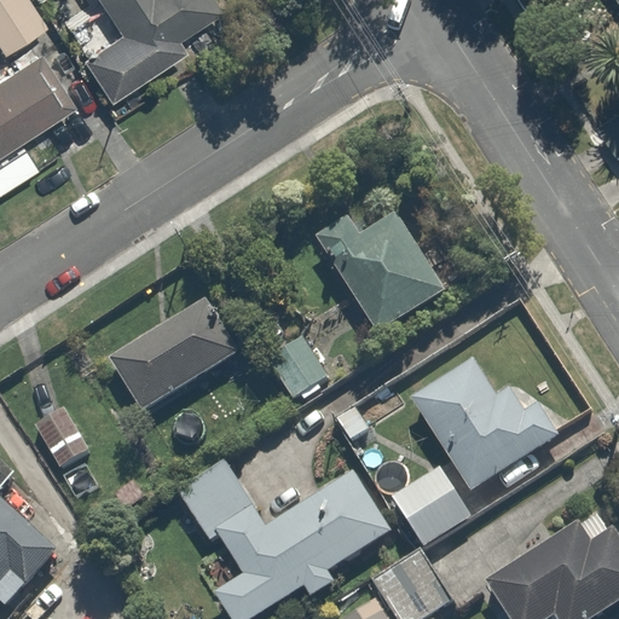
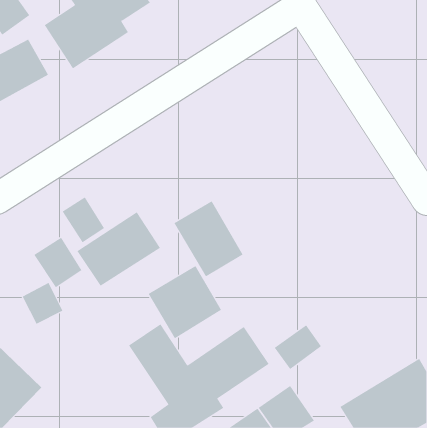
building: [330,214,451,337] -> none
building: none -> [62,197,105,243]
building: none -> [34,237,82,288]
building: [411,355,568,494] -> none
building: none -> [148,265,222,339]

